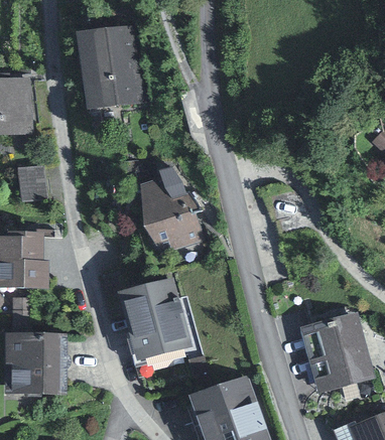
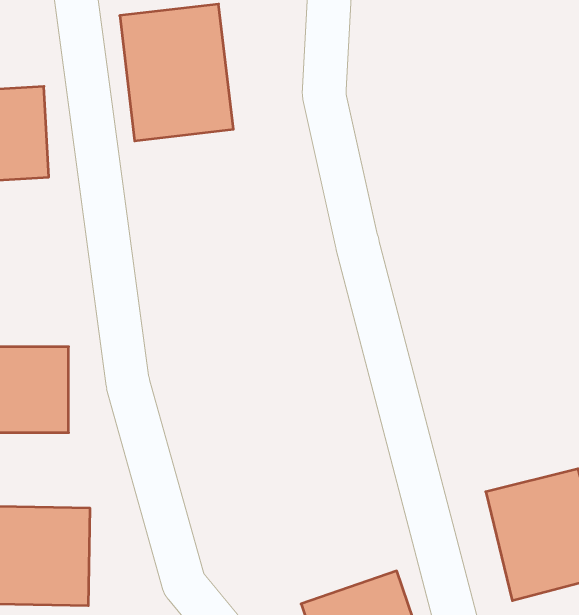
building: [16,161,45,202] -> none
building: [136,177,207,253] -> none
building: [116,275,188,359] -> none

